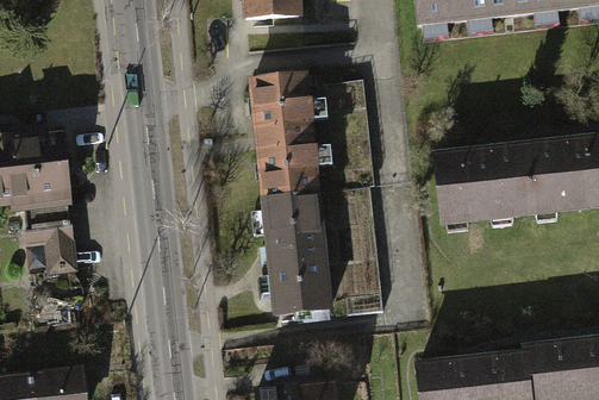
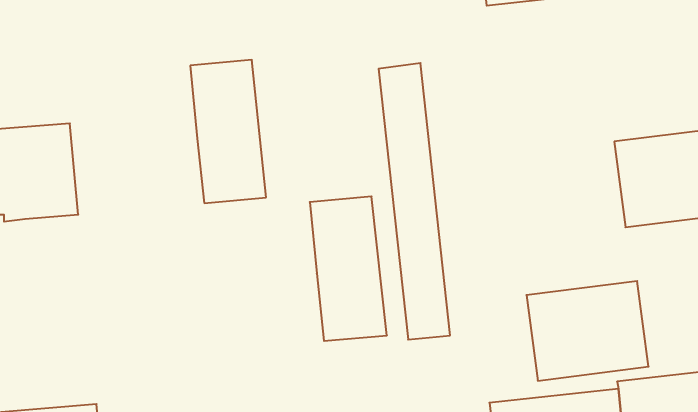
building: [252,73,317,194] -> [190,60,266,203]
building: [429,143,532,227] -> [526,281,649,381]
building: [23,205,74,273] -> none

